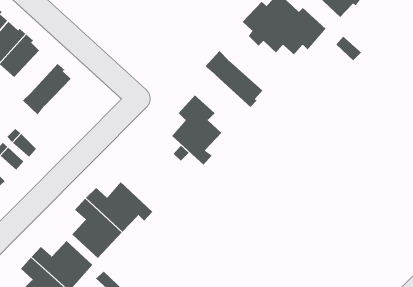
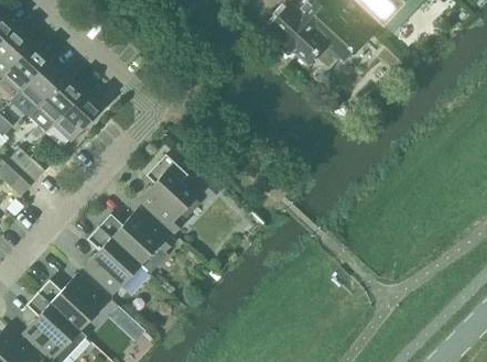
building: [205,50,263,108] -> none
building: none -> [9,62,66,119]
building: none -> [52,92,100,142]
building: [171,95,222,165] -> [139,155,196,234]

